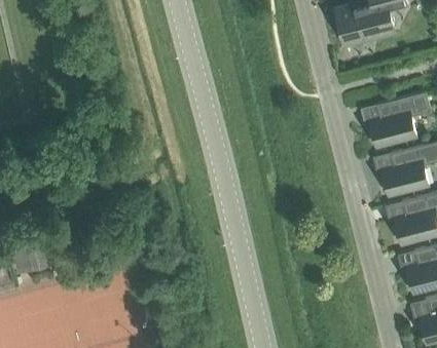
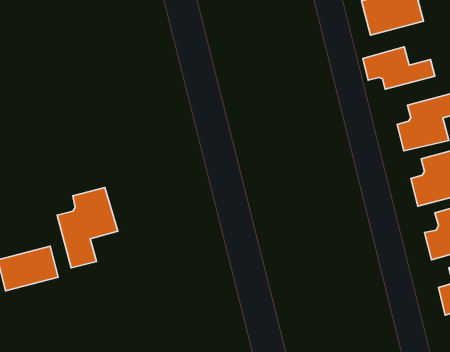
building: none -> [363,47,435,89]
building: none -> [57,187,118,268]

